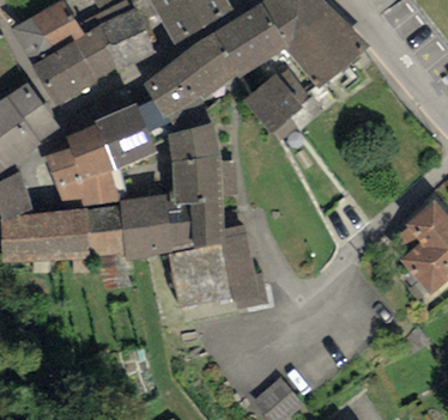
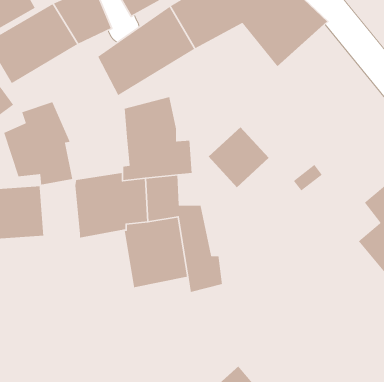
building: [240,69,301,130] -> [208,126,269,188]
building: [92,96,157,163] -> none
building: [84,206,122,256] -> none

